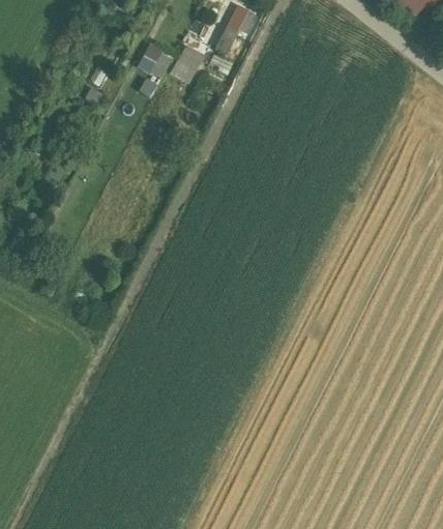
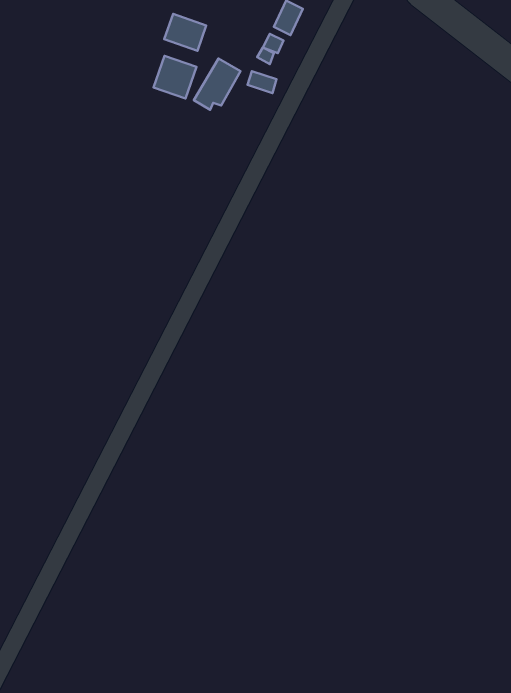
building: none -> [164,14,206,51]

